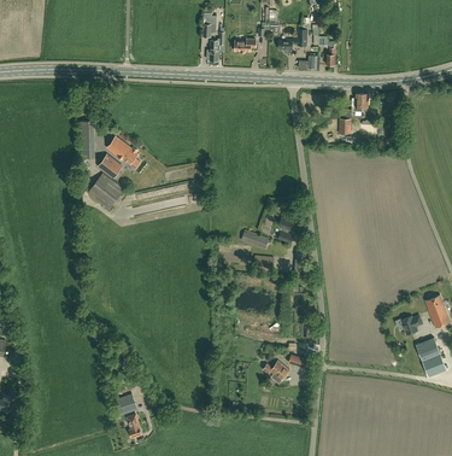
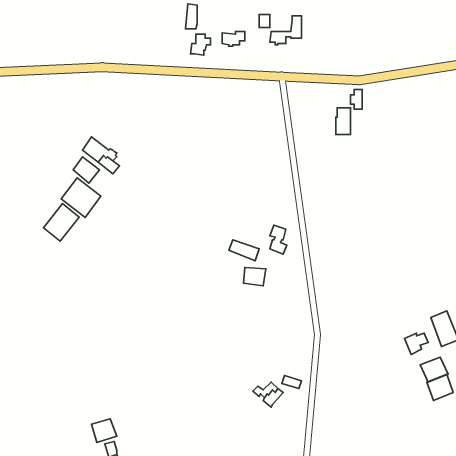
building: none -> [44,204,79,241]

